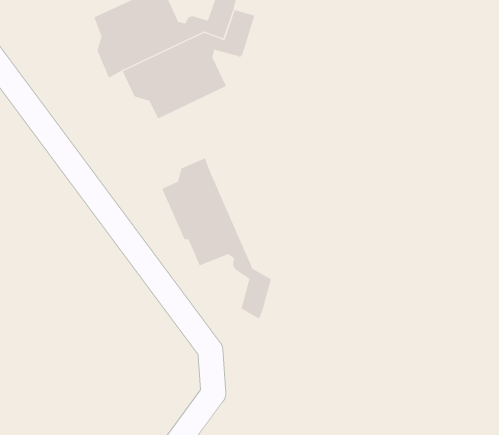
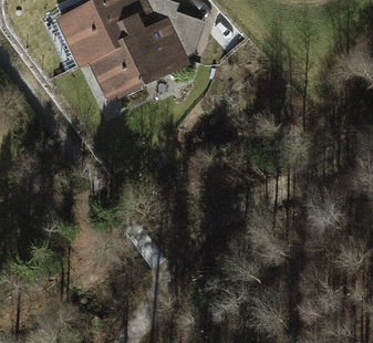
building: [161,158,272,319] -> none

